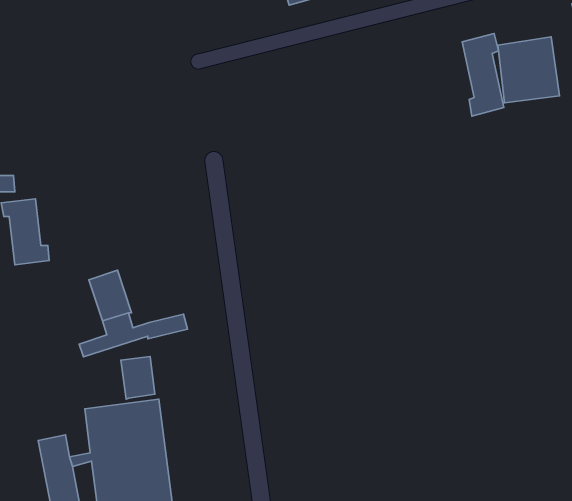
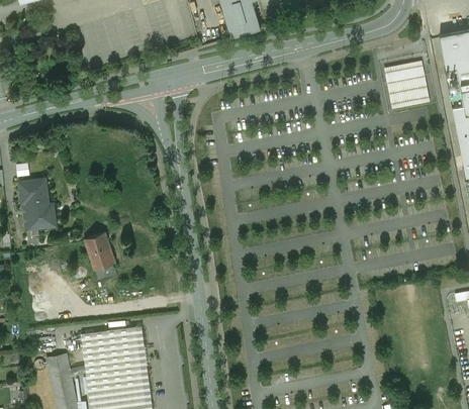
building: [462,33,504,116] -> none
building: [121,356,155,399] -> none

